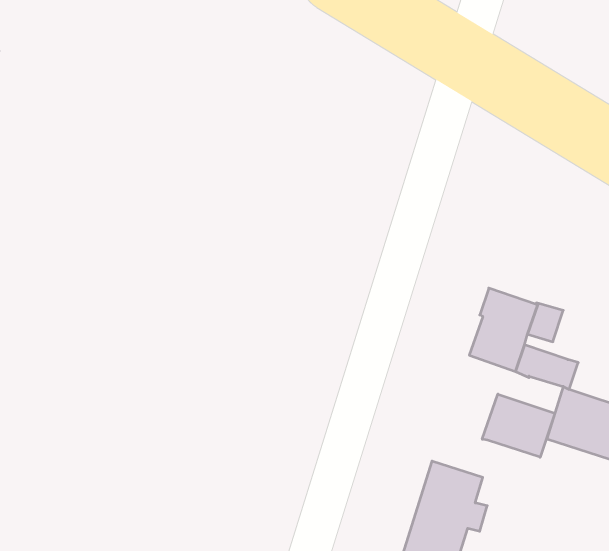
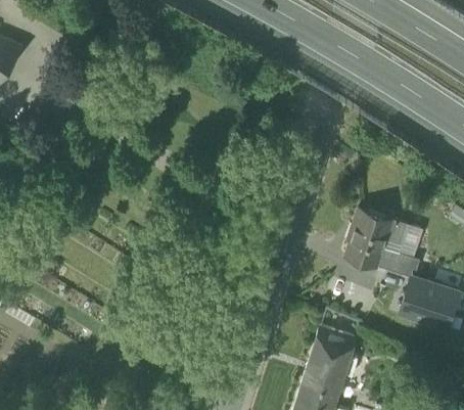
building: none -> [383,223,422,257]
building: [482,394,555,457] -> none

